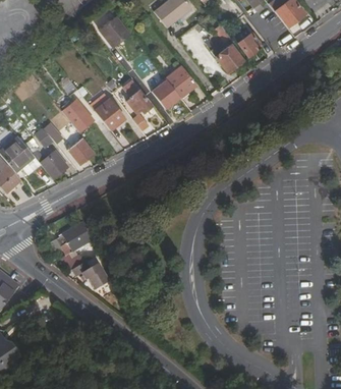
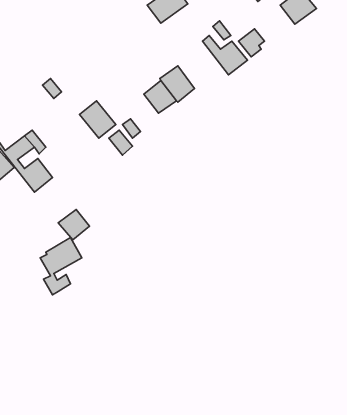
building: [99,16,129,47] -> none
building: [123,80,152,114] -> none
building: [62,99,96,131] -> none
building: [67,137,96,165] -> [58,209,90,240]
building: [74,262,110,290] -> none

